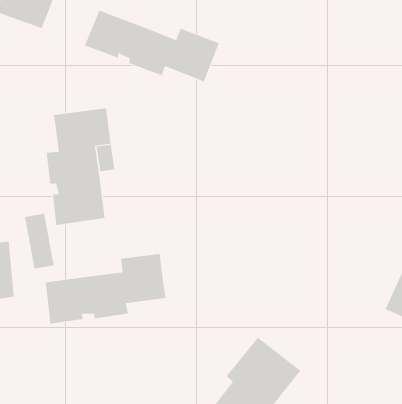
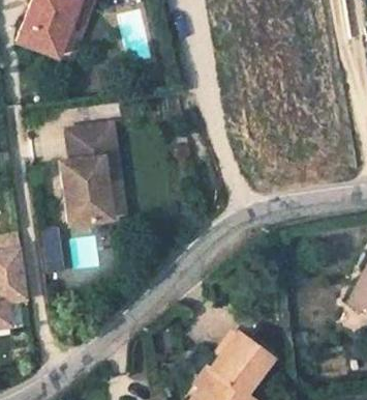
building: [84,10,220,82] -> none
building: [45,253,166,324] -> none

